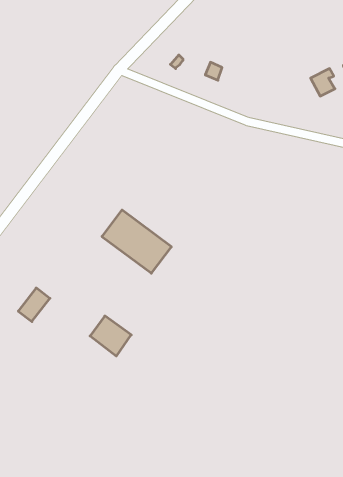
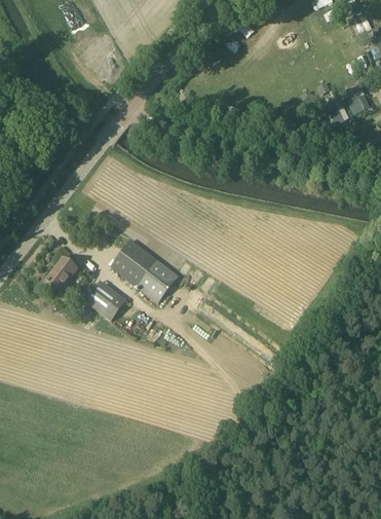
building: [18,288,50,322] -> [46,257,77,290]
building: [90,316,131,356] -> [86,281,126,320]

